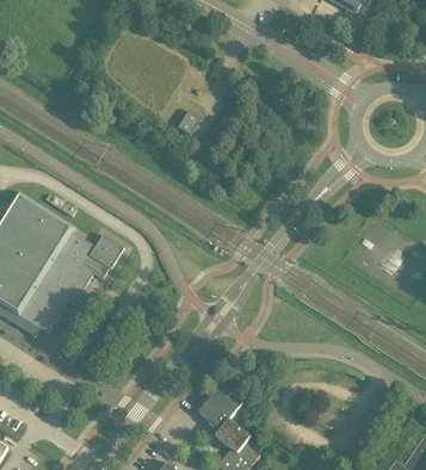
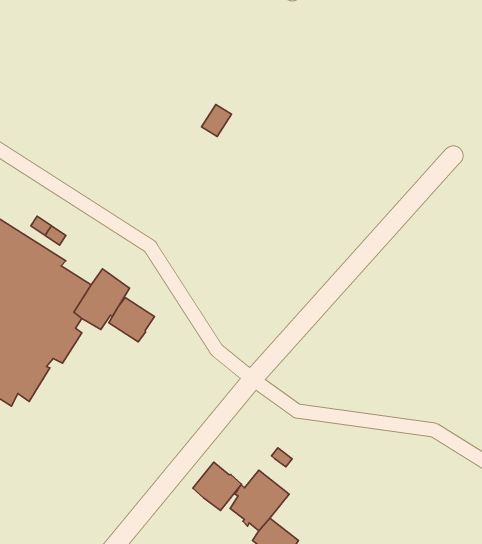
building: none -> [109,297,155,342]
building: none -> [193,462,241,510]

